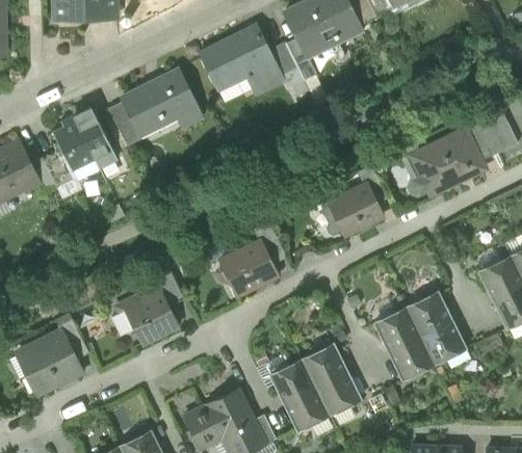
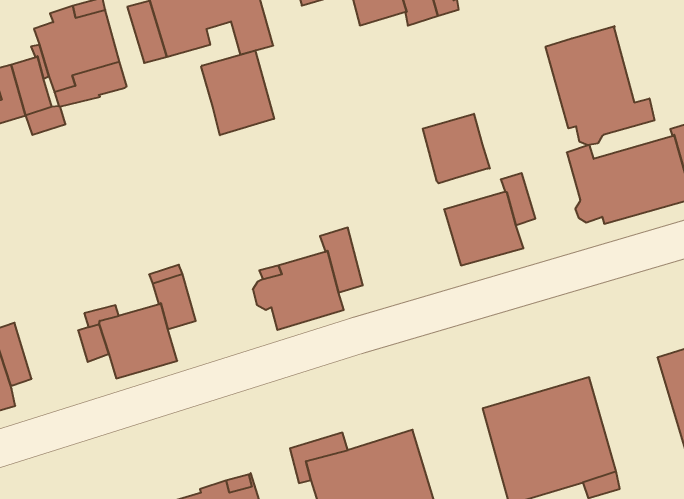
building: none -> [546,26,654,145]
building: none -> [201,50,274,135]
building: none -> [423,114,490,183]

